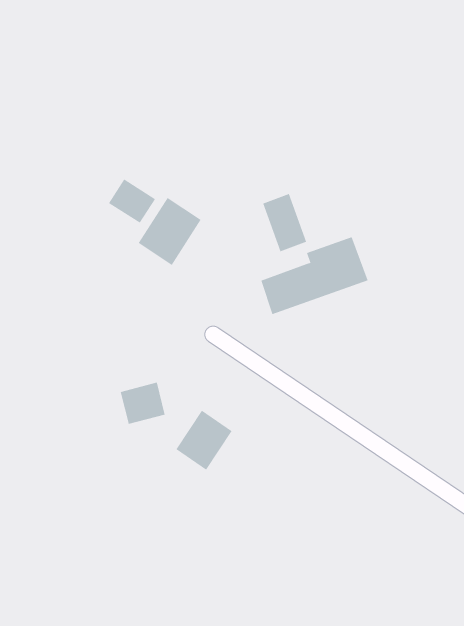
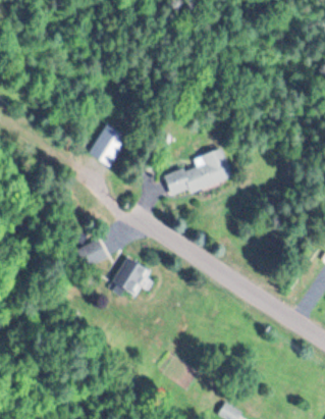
building: [108,179,156,224] -> none
building: [263,193,307,252] -> none

